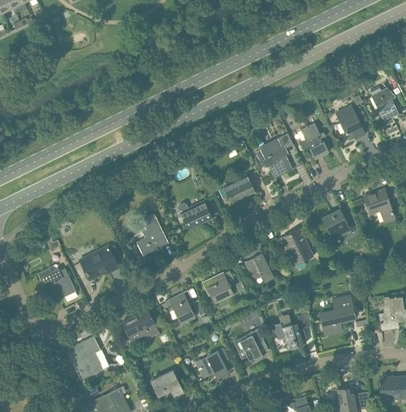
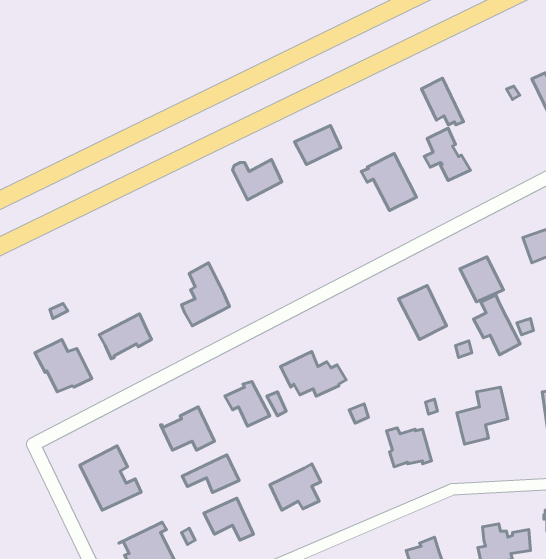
building: [336,105,364,136] -> [422,78,463,125]
building: [223,175,254,201] -> [295,125,341,164]
building: [178,201,211,228] -> [233,159,282,200]
building: none -> [473,295,520,355]
building: [244,252,274,281] -> none
building: [234,328,268,366] -> none
building: none -> [182,455,239,492]

